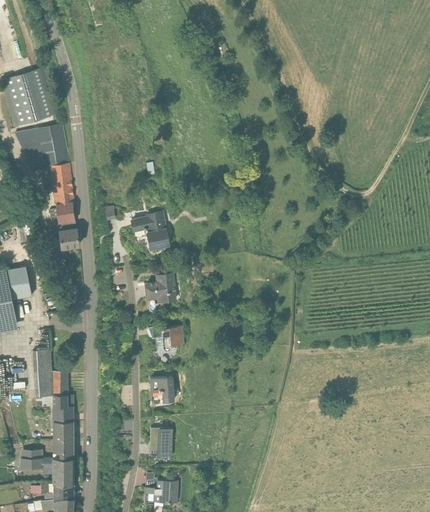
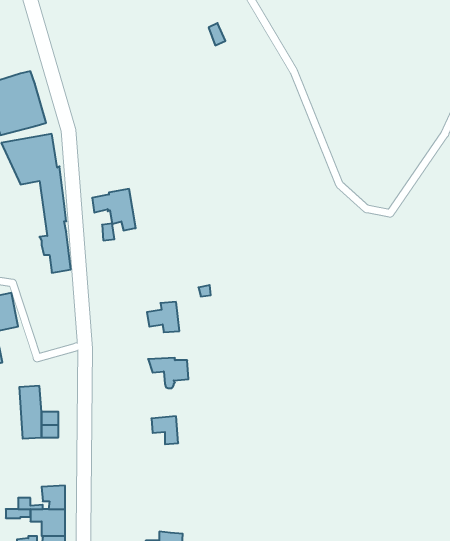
building: [130,210,169,247] -> [92,189,136,230]
building: [52,395,73,414] -> none
building: [52,420,73,439] -> none
building: [150,427,172,456] -> none

